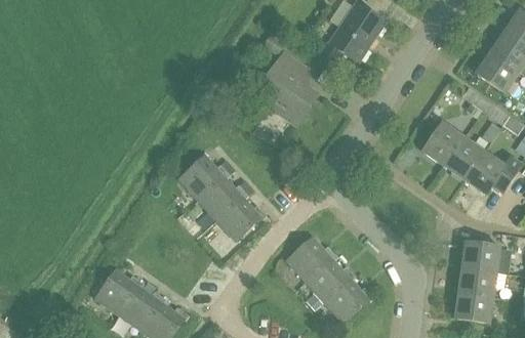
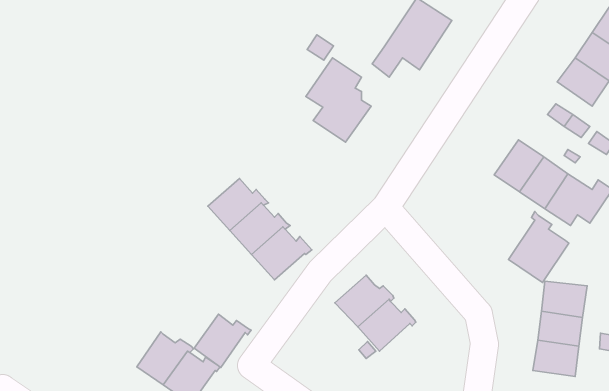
building: none -> [509,212,569,283]
building: [95,269,144,314] -> [194,314,251,367]
building: [324,278,373,323] -> none

